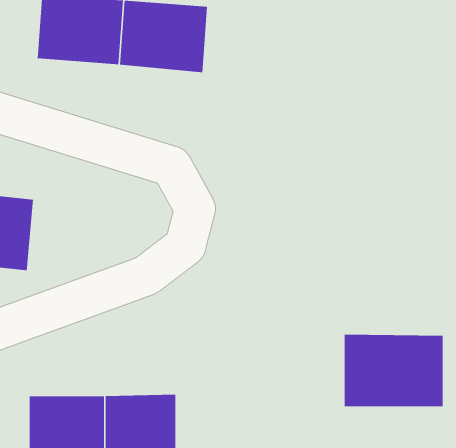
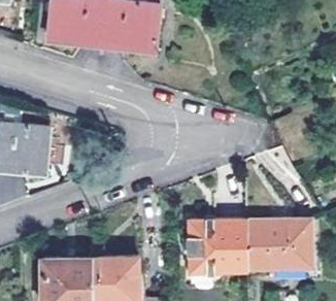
building: none -> [190,220,247,270]

